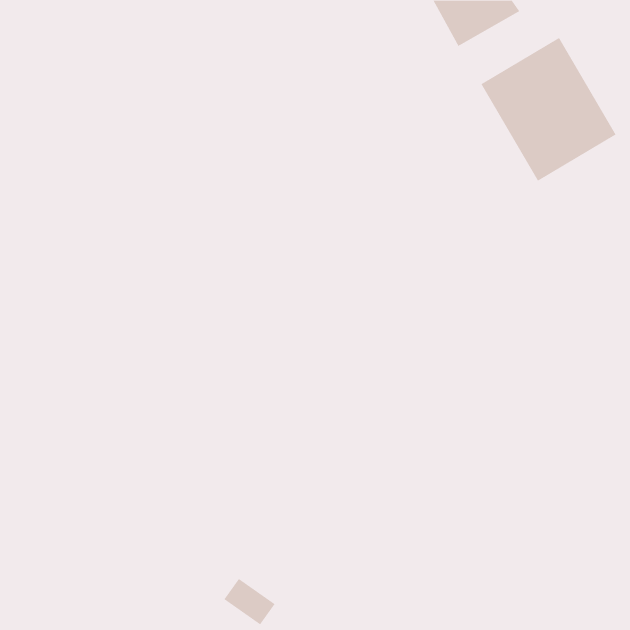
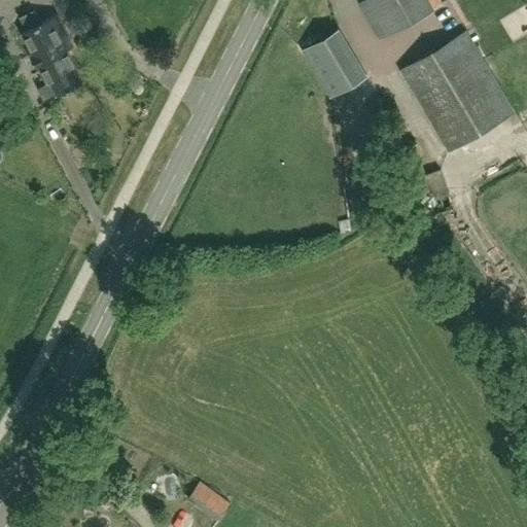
building: none -> [23,14,82,97]
building: none -> [303,28,366,98]

